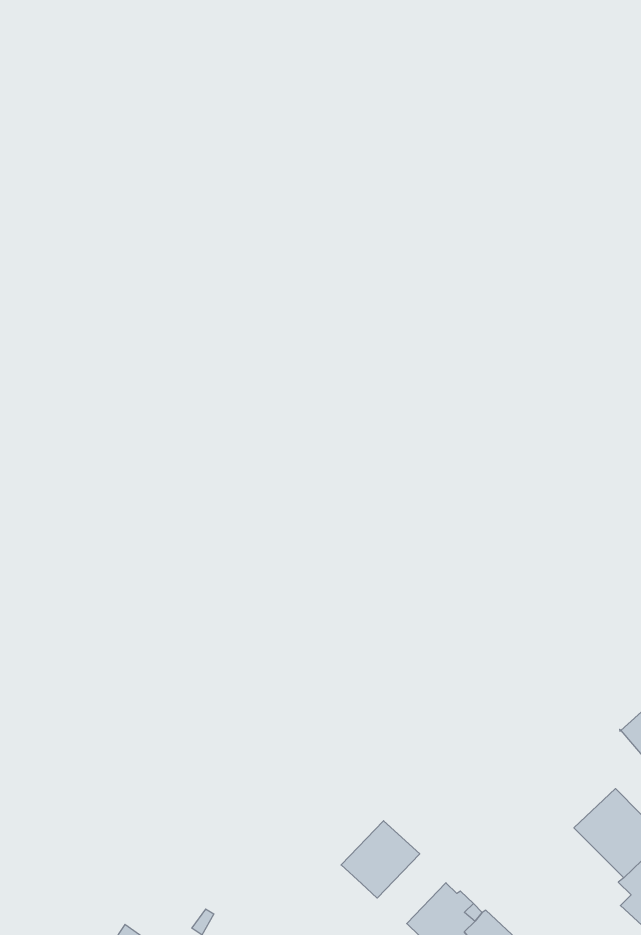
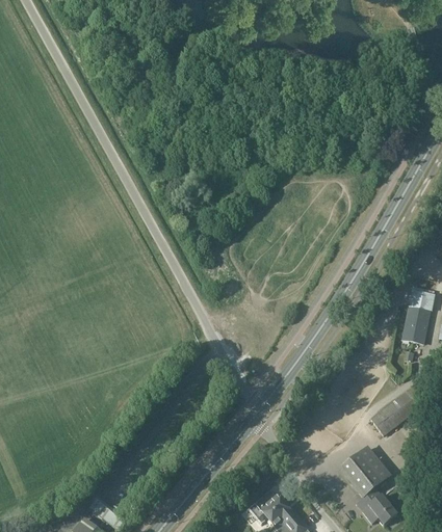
building: [341,821,420,898] -> none

